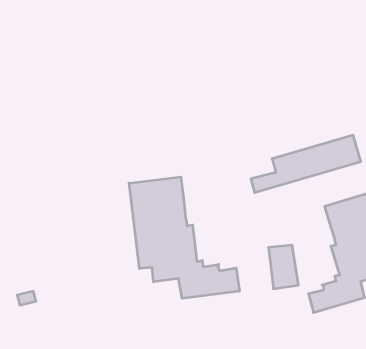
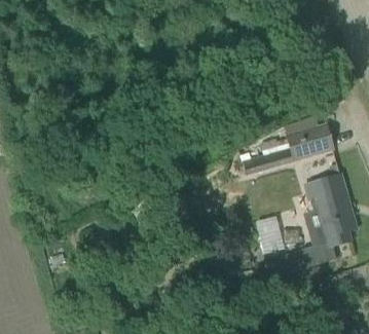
building: [129,177,239,298] -> none

